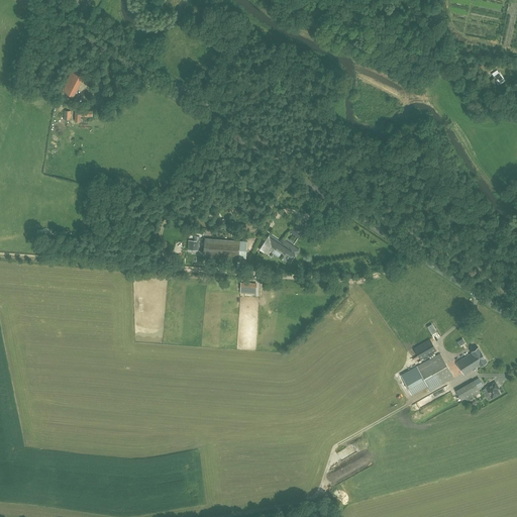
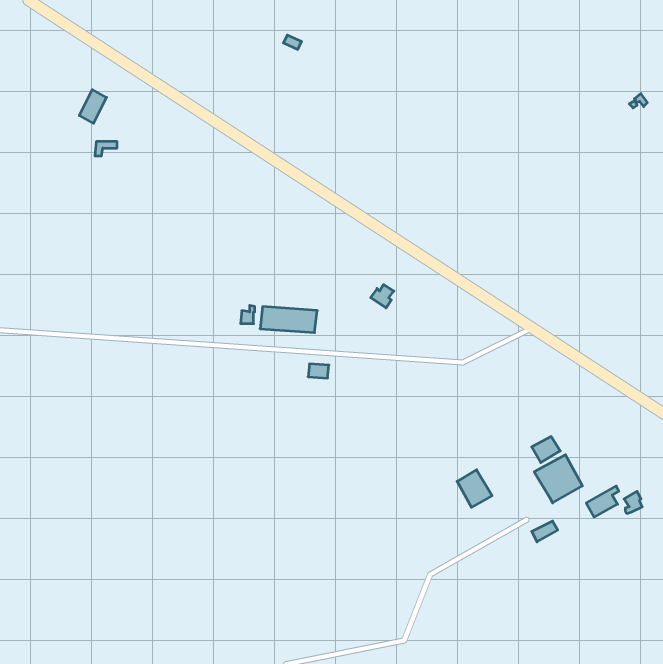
building: [258,234,298,256] -> none
building: [455,347,486,375] -> none
building: [400,367,427,396] -> [457,470,492,507]

